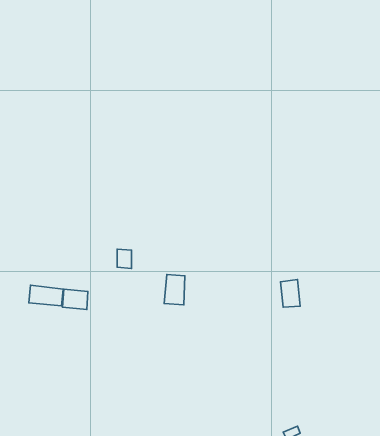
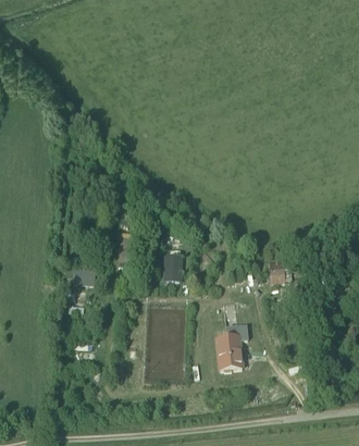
building: [29,285,63,306] -> none
building: none -> [218,321,243,359]

